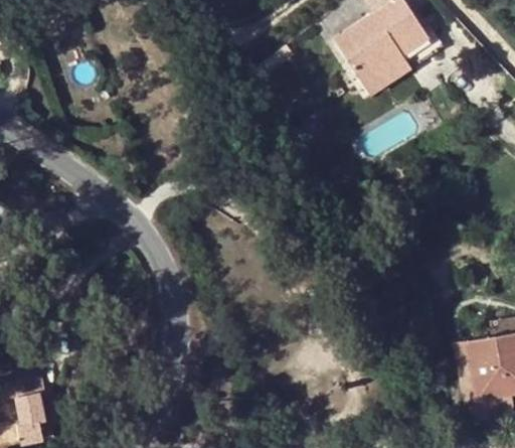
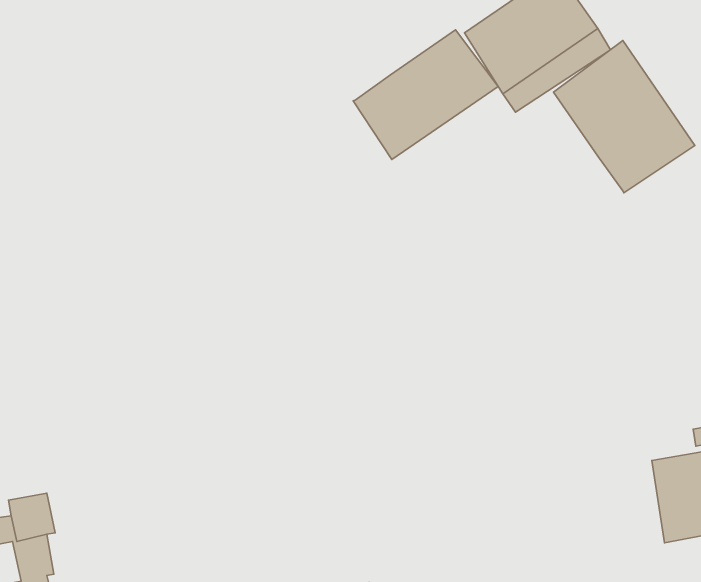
building: none -> [353,30,498,159]
building: none -> [554,41,695,193]

